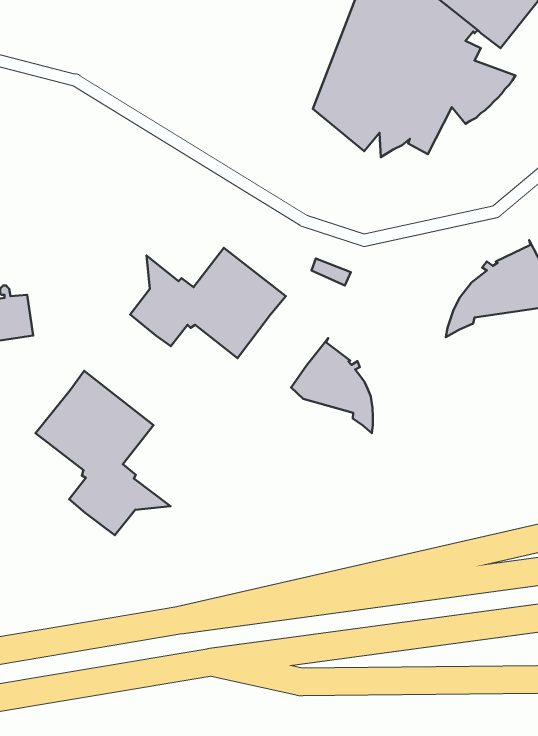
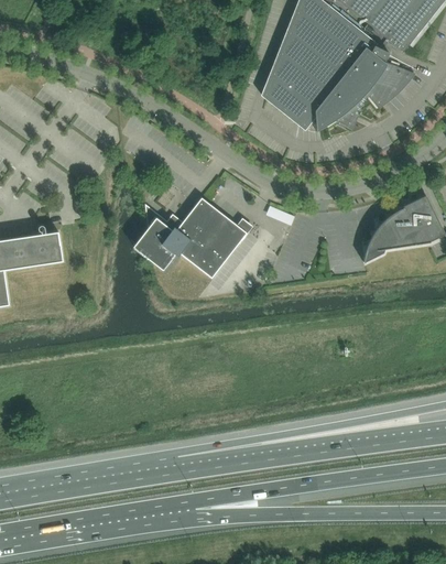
building: [291,338,373,433] -> none
building: [36,371,170,535] -> none

